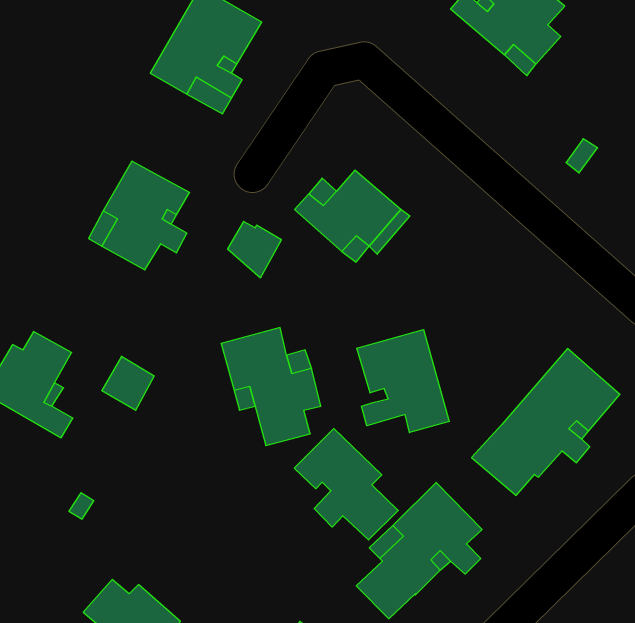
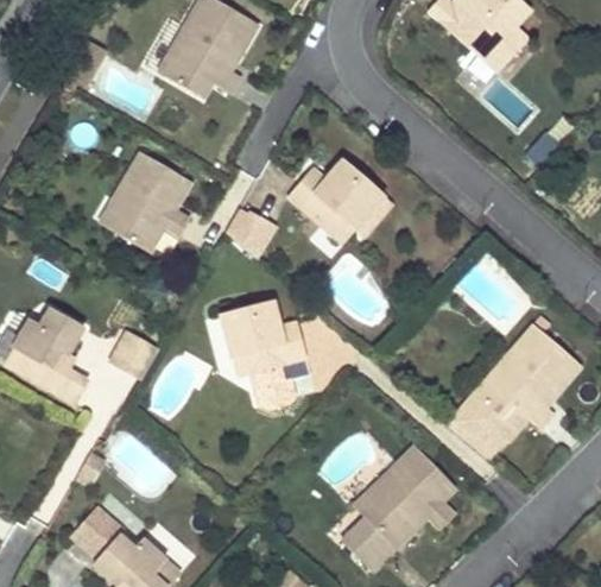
building: [357,330,449,433] -> none
building: [294,429,398,540] -> none
building: none -> [71,503,122,555]

